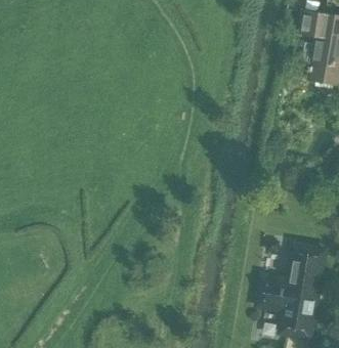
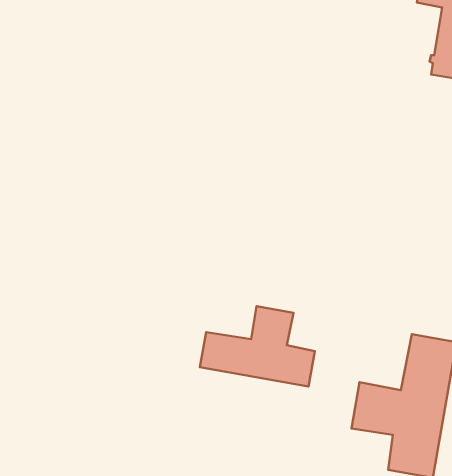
building: none -> [200,306,315,386]

